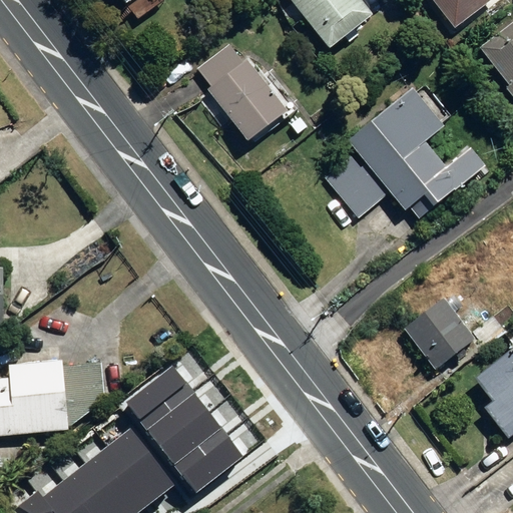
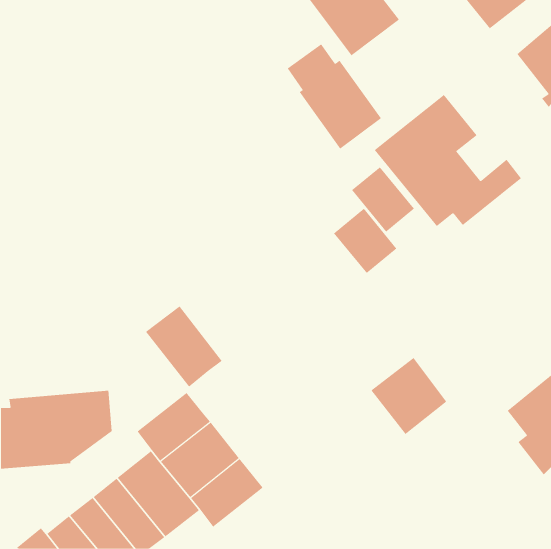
building: [198,43,287,141] -> [287,44,382,150]
building: none -> [333,208,397,274]
building: none -> [145,305,222,388]
building: [404,298,475,370] -> [370,357,447,435]

